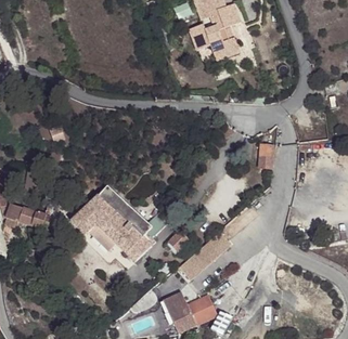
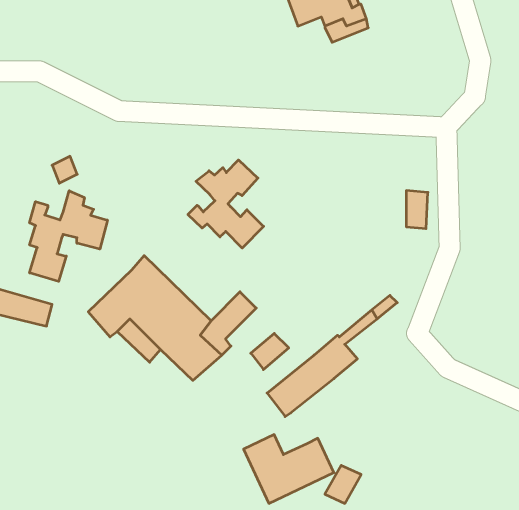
building: none -> [188,160,264,248]
building: none -> [30,191,107,281]

